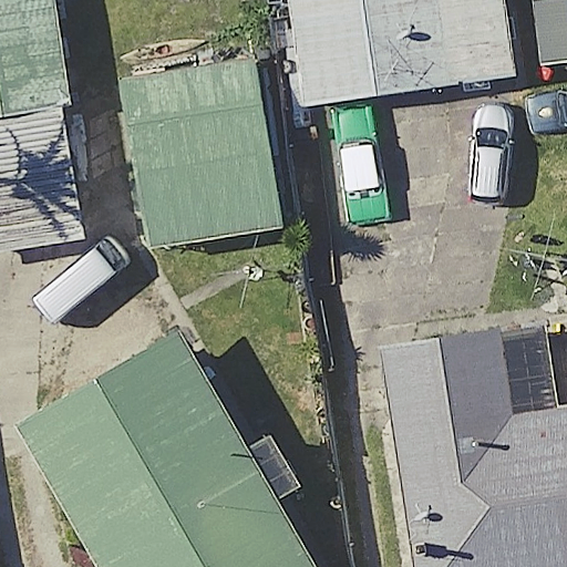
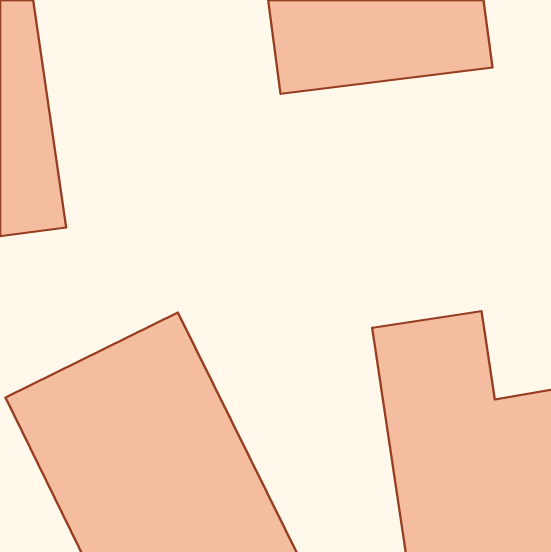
building: [118,53,277,246] -> none

